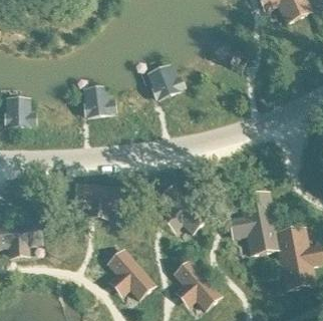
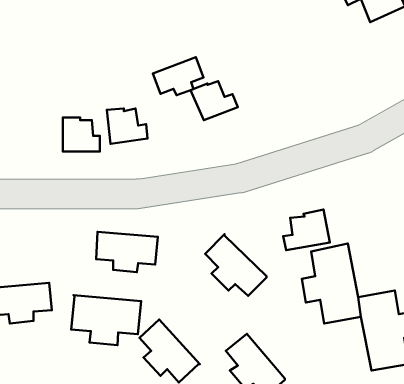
building: none -> [153,57,203,95]
building: [6,98,34,124] -> [63,118,100,152]
building: none -> [283,209,330,250]
building: none -> [71,295,141,345]

